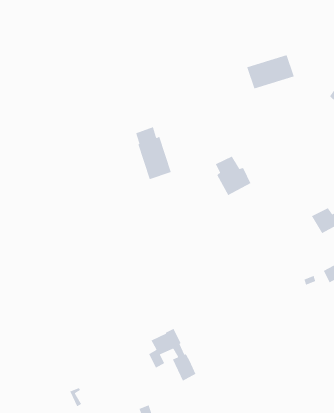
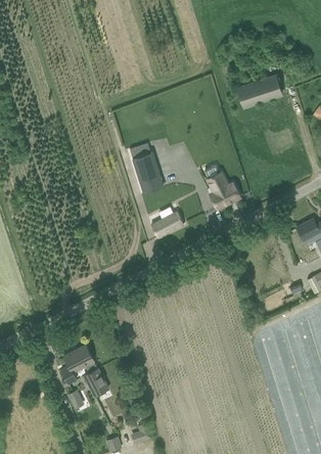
building: none -> [151,211,183,237]
building: [148,328,197,382] -> [61,345,107,396]

